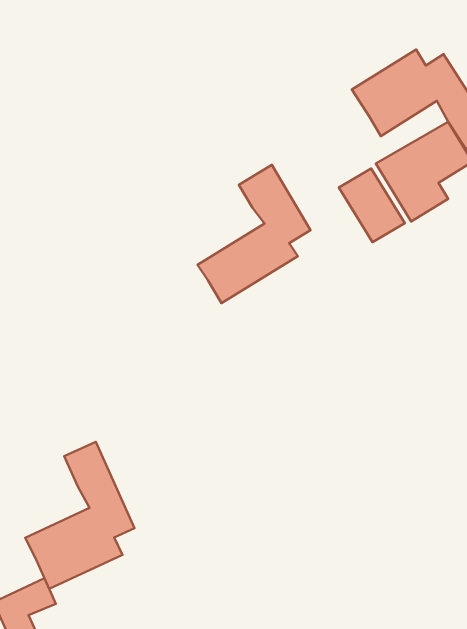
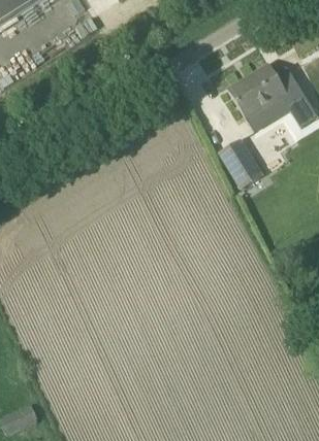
building: [197,165,310,303] -> none
building: [25,442,134,589] -> none

